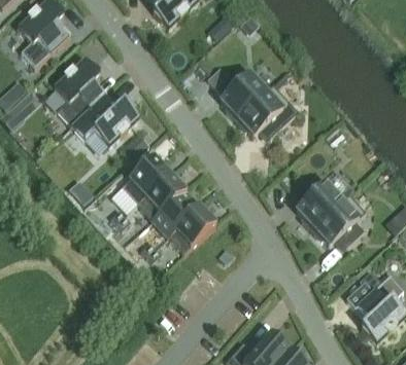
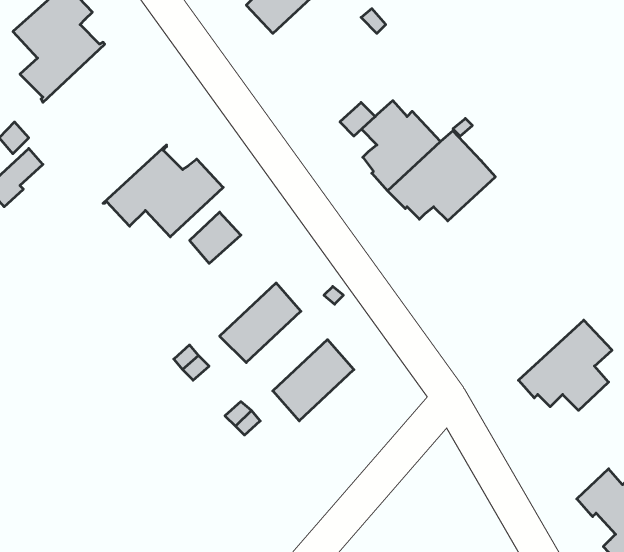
building: [53,58,106,126] -> none
building: [122,156,170,204] -> none
building: [296,174,349,229] -> none
building: [153,189,200,235] -> none

